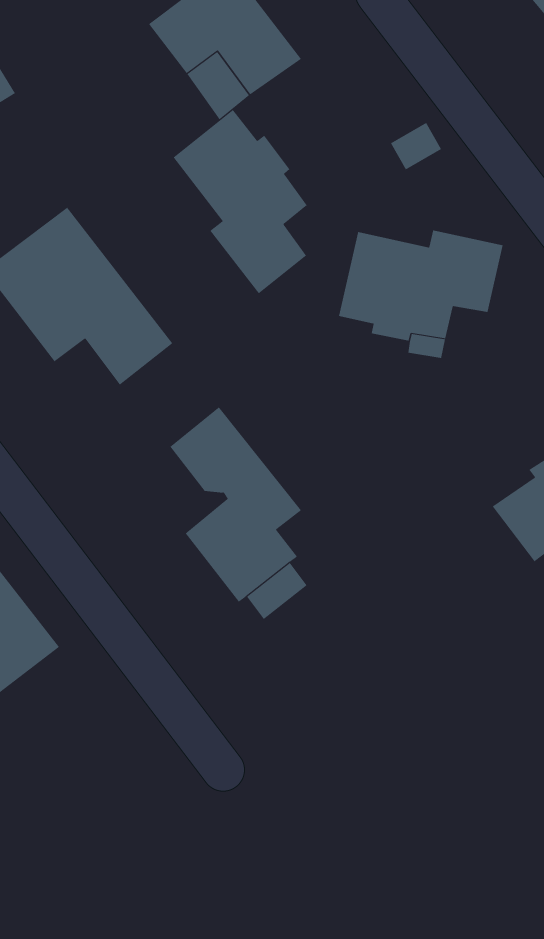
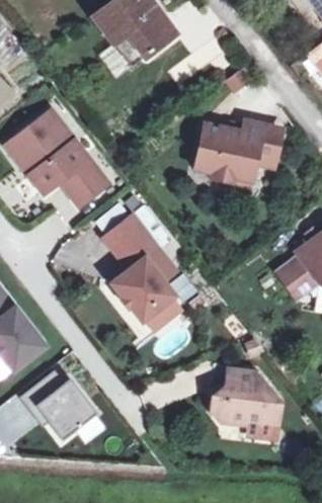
building: [173,109,307,294] -> none
building: none -> [21,366,109,447]
building: none -> [211,368,279,425]

